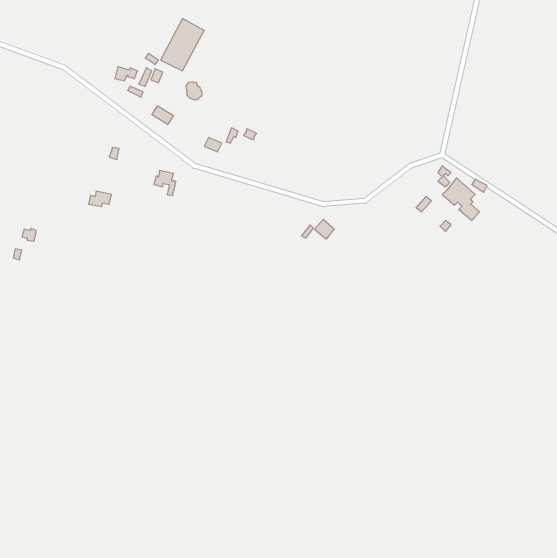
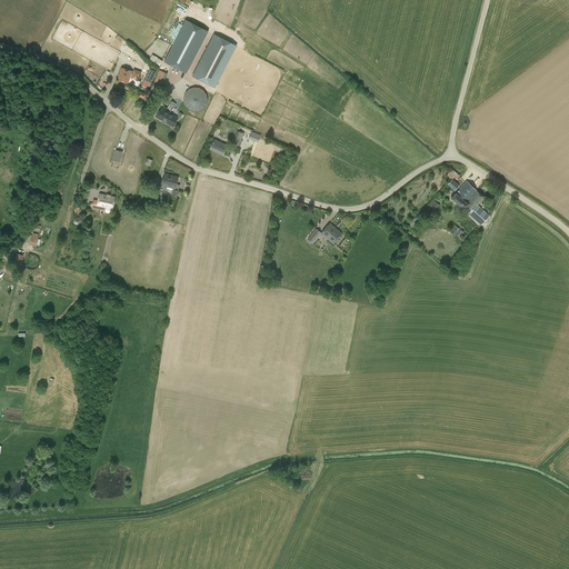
building: none -> [191,34,236,88]

